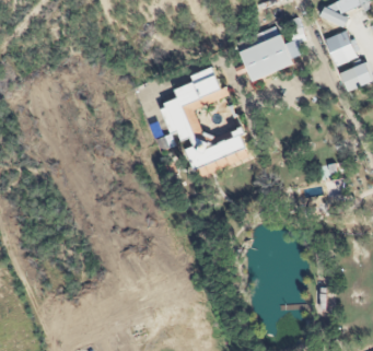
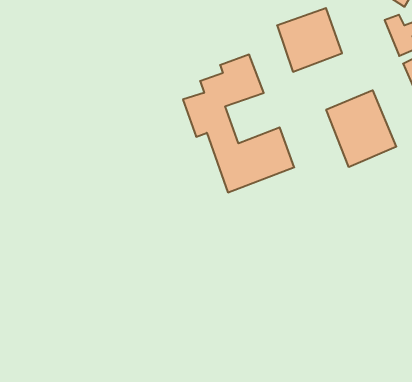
building: none -> [326,90,396,167]

